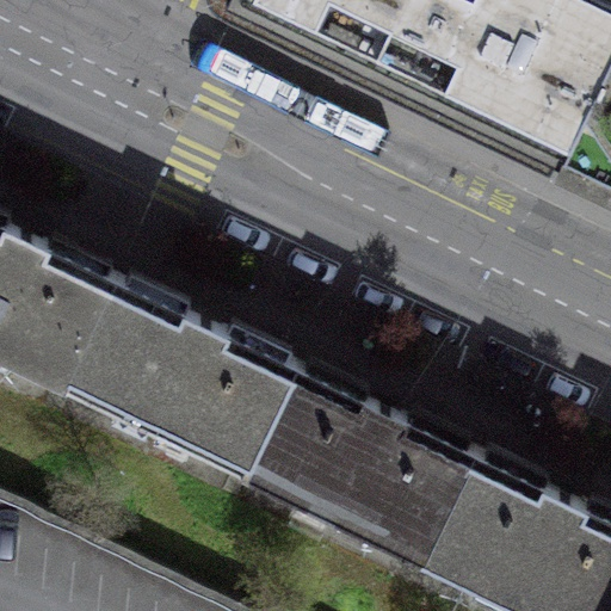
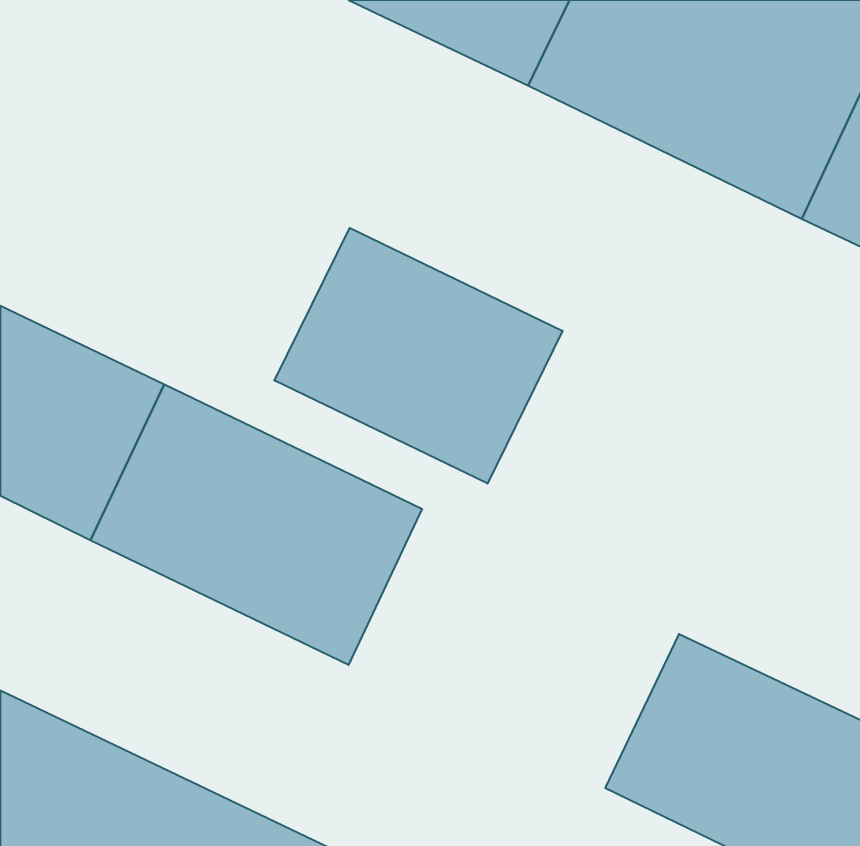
building: none -> [274,228,563,484]
building: [253,375,483,569] -> none

